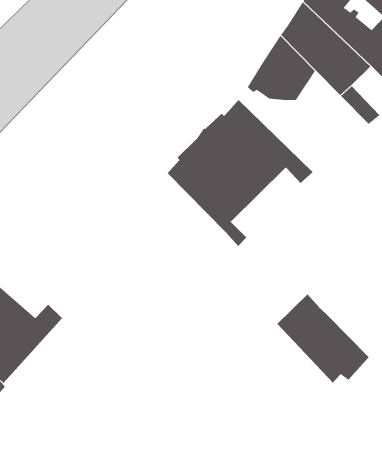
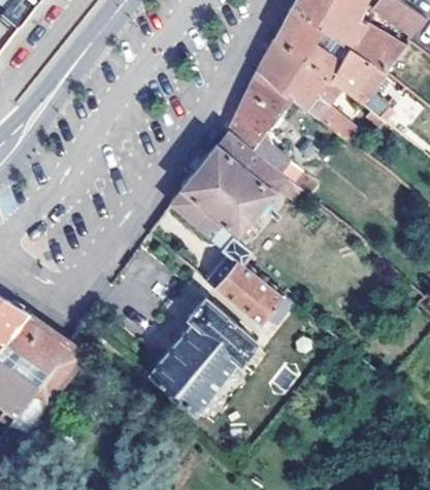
building: none -> [228,119,316,195]
building: none -> [150,297,256,413]
building: [276,293,370,383] -> [204,250,290,327]

